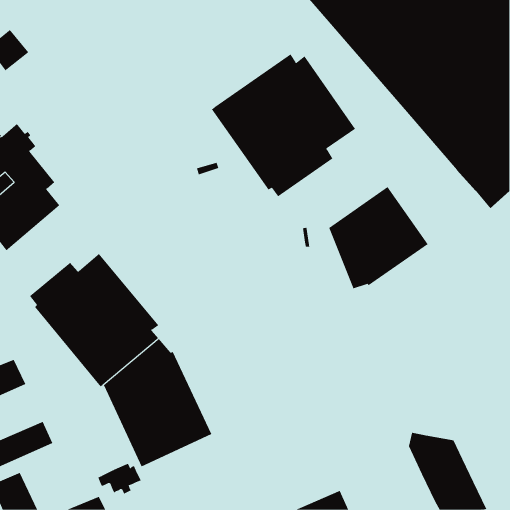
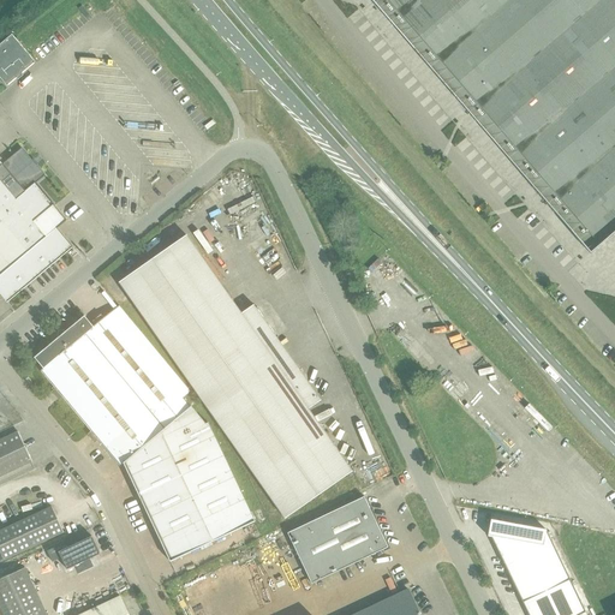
building: [211,54,356,197] -> none
building: [329,186,429,289] -> none
building: none -> [120,234,352,518]
building: none -> [287,496,387,583]
building: [97,463,141,495] -> [47,532,100,571]

